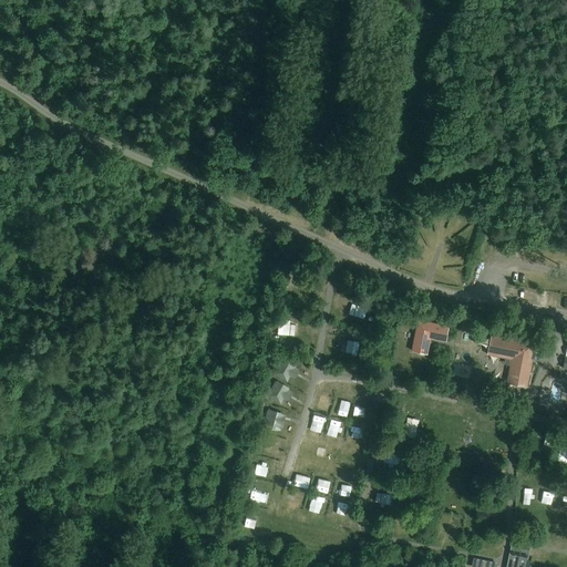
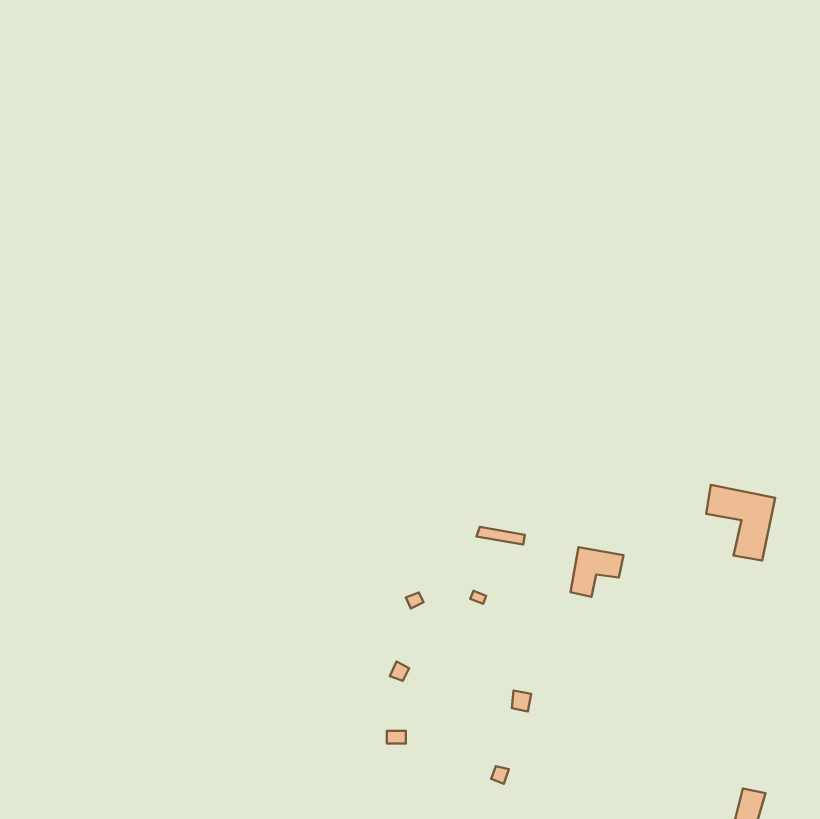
building: [412,321,449,355] -> [571,547,623,597]

